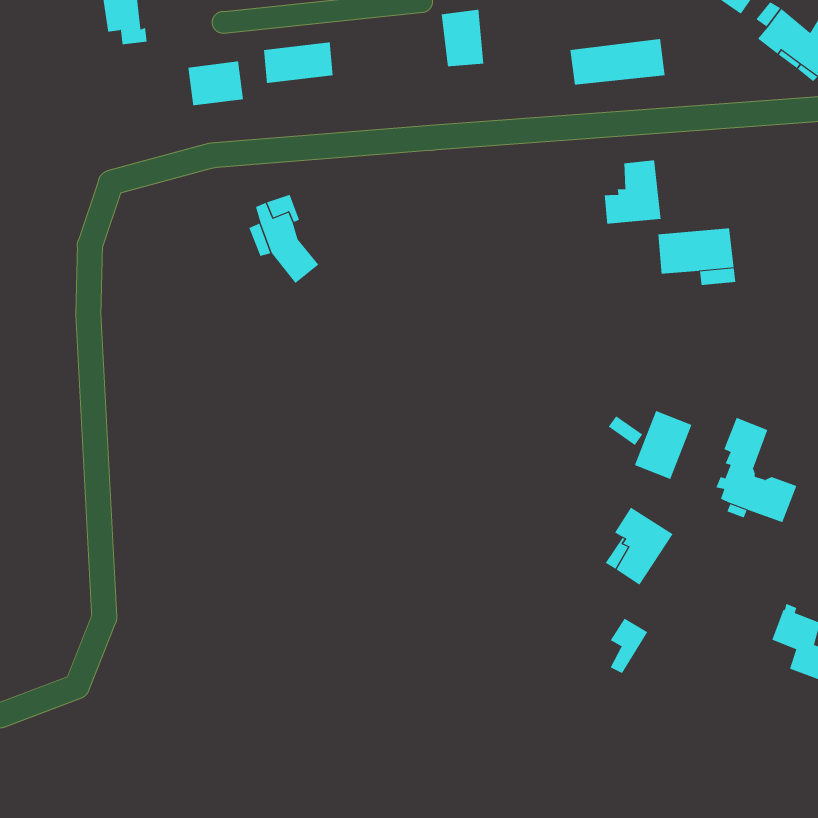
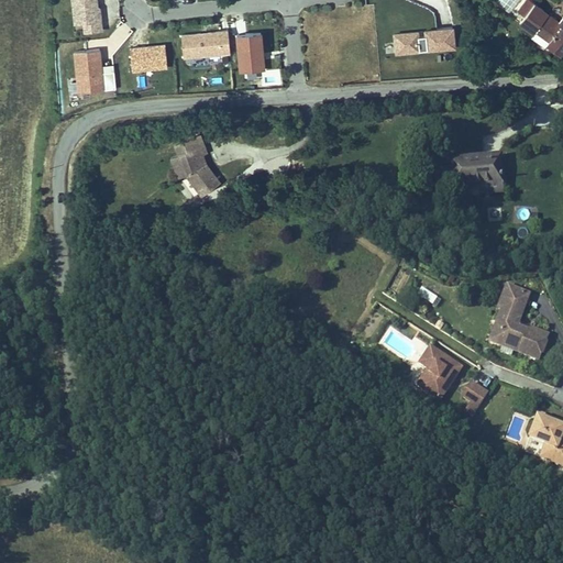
building: [441,9,484,67] -> [235,31,265,70]
building: none -> [74,48,106,93]
building: [604,159,661,224] -> none
building: [634,410,692,480] -> none
building: [610,618,648,674] -> [462,382,488,420]

